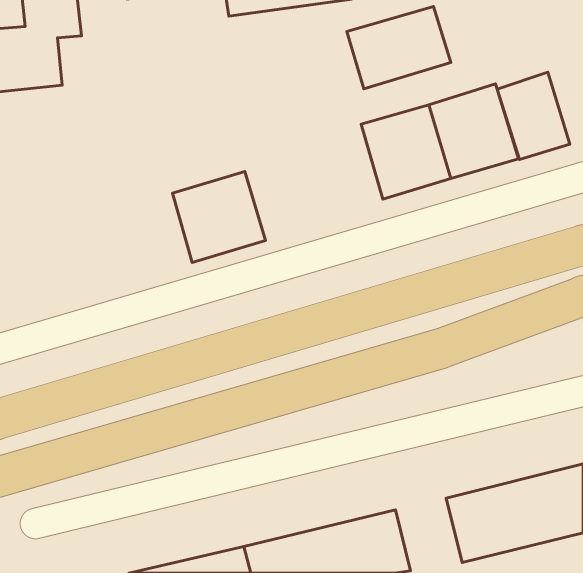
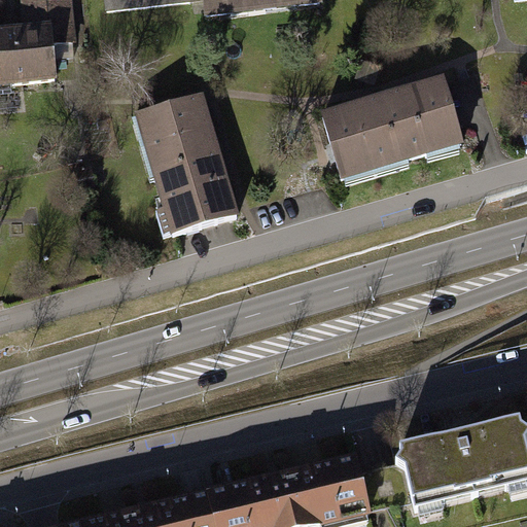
building: [347,6,451,89] -> none
building: [497,72,570,160] -> none
building: none -> [136,92,219,173]

